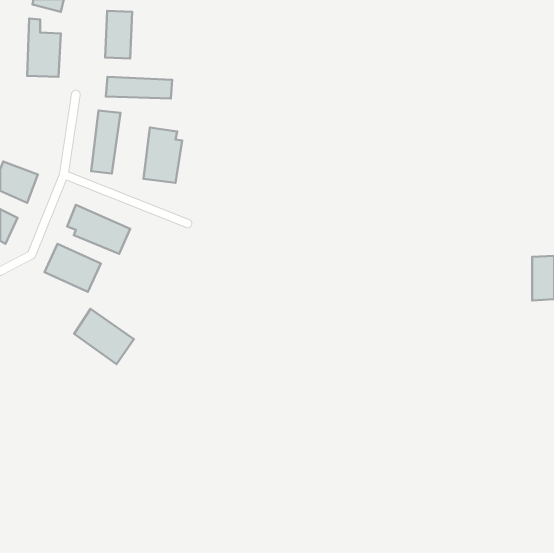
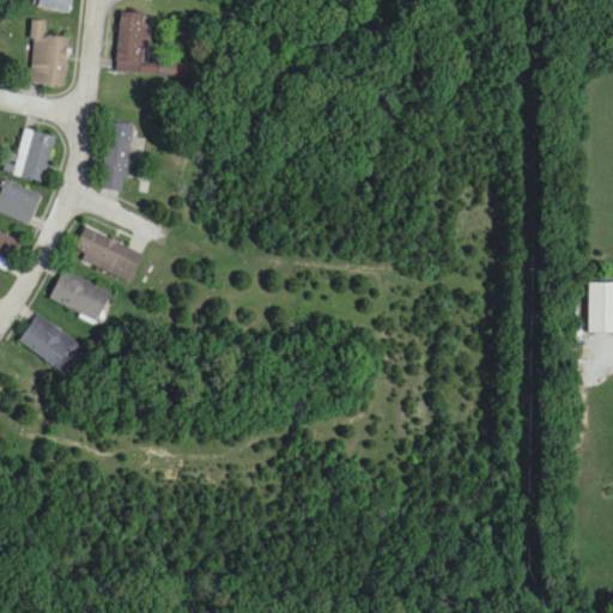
building: [106,77,172,99] -> none
building: none -> [13,128,55,181]
building: [144,127,182,183] -> none
building: [74,309,134,364] -> [19,314,85,375]

